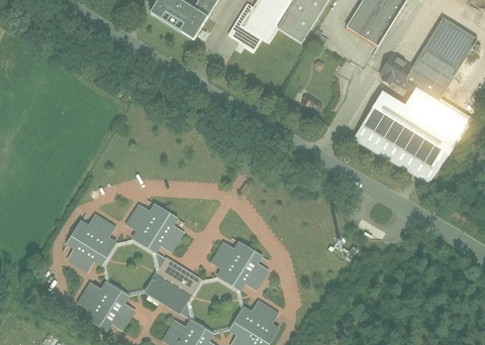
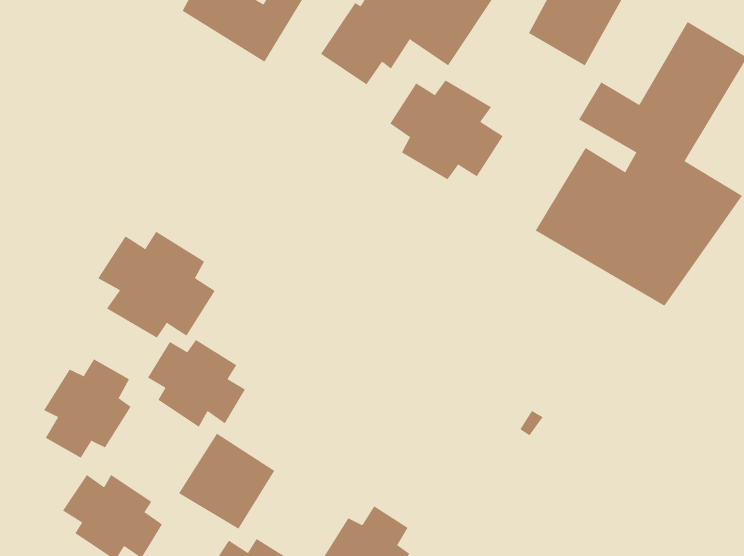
building: none -> [389,80,503,180]
building: none -> [97,231,216,338]
building: [209,240,269,291] -> none

